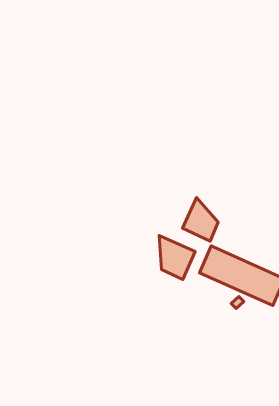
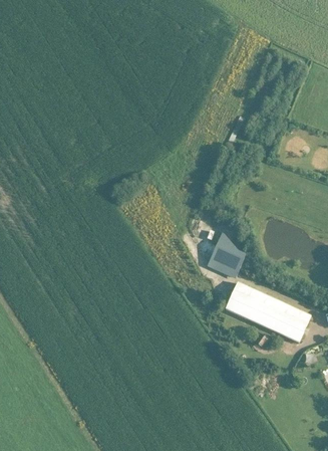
building: [159,235,195,280] -> none

